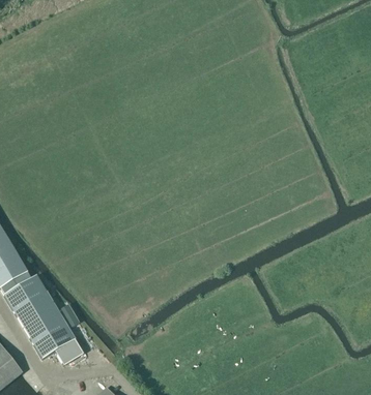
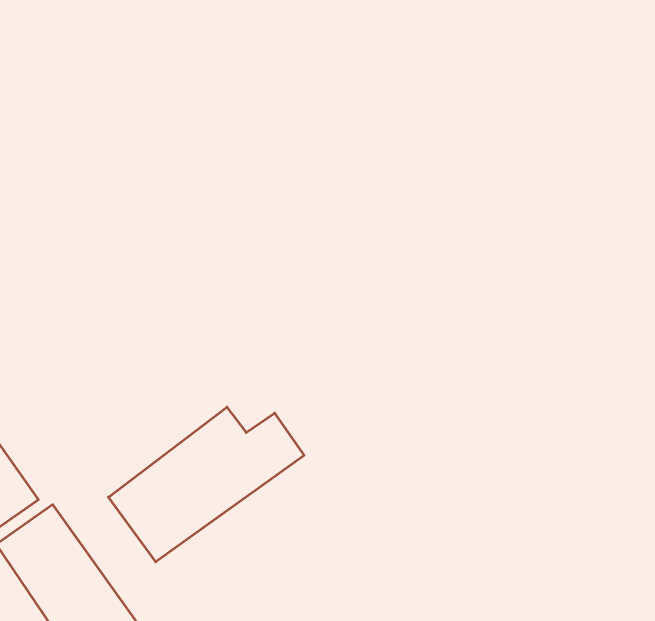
building: none -> [108,407,304,562]

